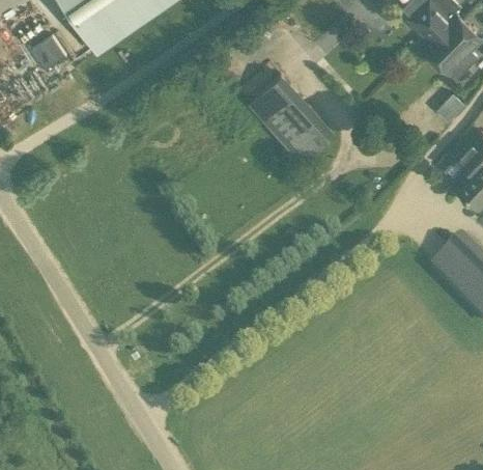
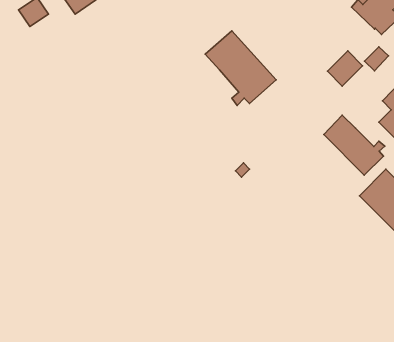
building: none -> [327,51,362,86]
building: none -> [324,115,385,175]

